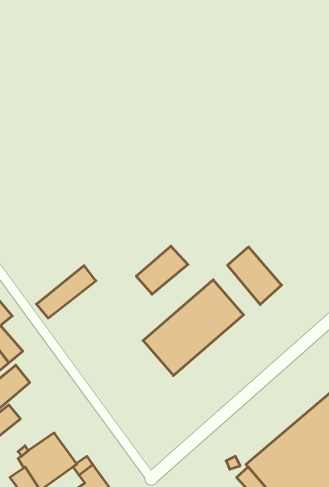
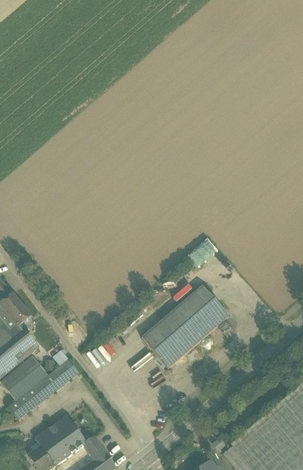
building: [136,246,188,294] -> none
building: [228,247,282,305] -> none
building: [36,266,96,318] -> [27,359,78,404]

